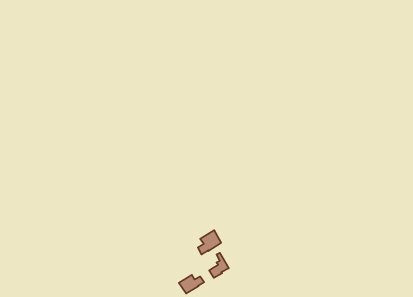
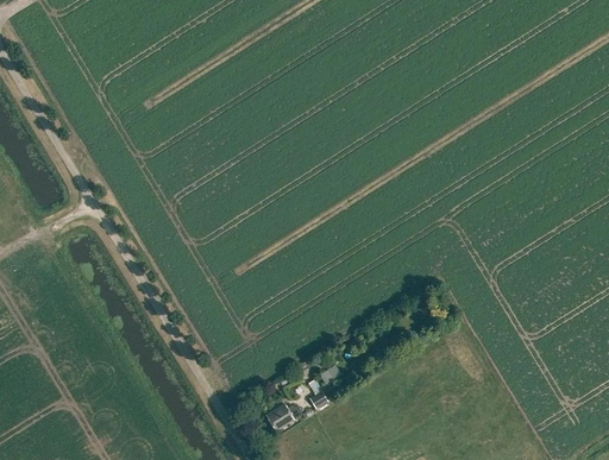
building: [198,230,221,255] -> none

